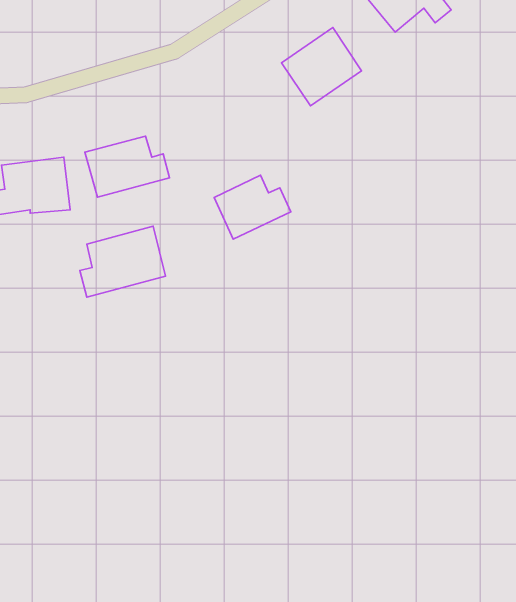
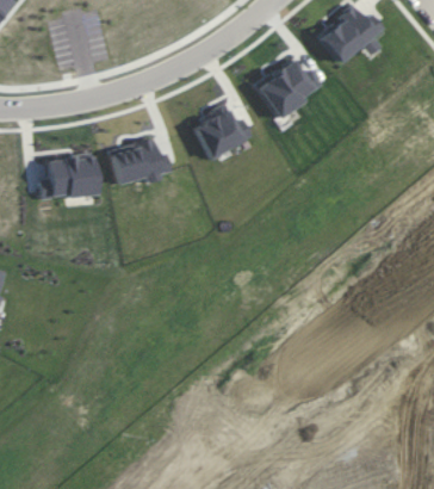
building: [214,175,291,239] -> [196,109,253,156]
building: [80,226,165,297] -> none

